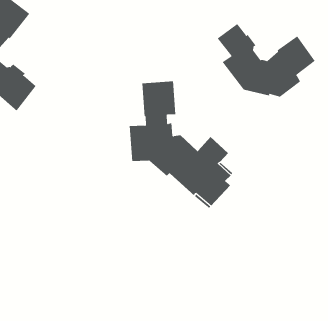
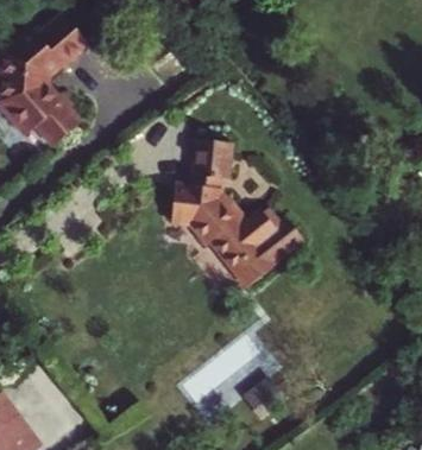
building: [217,23,316,98] -> none

